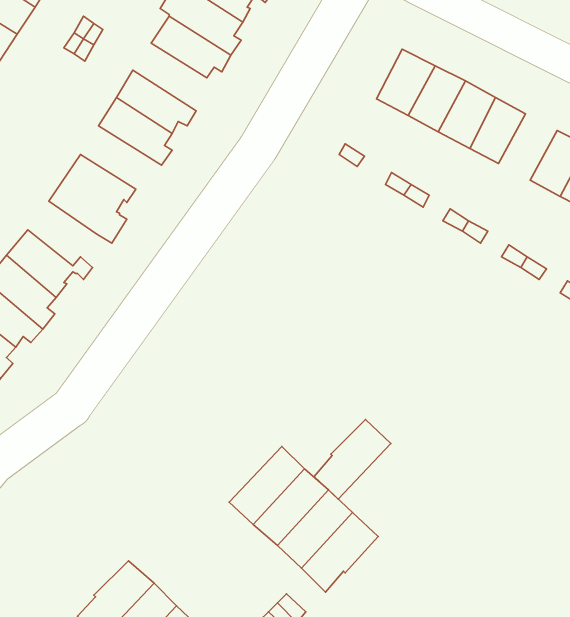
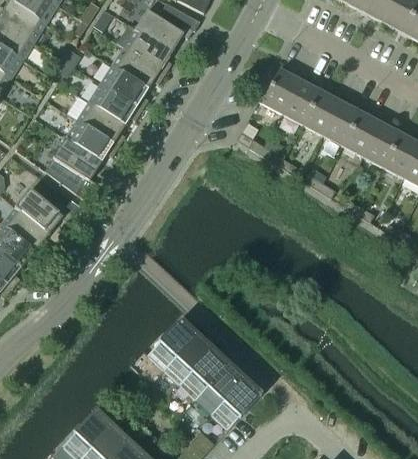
building: none -> [99,64,148,109]
building: none -> [342,111,381,155]
building: none -> [64,119,118,161]
building: [314,419,391,499] -> [147,316,198,369]

